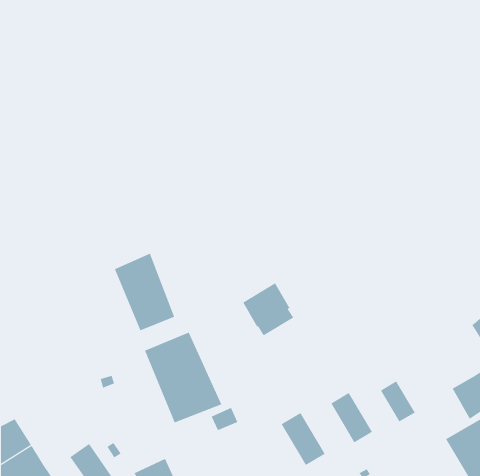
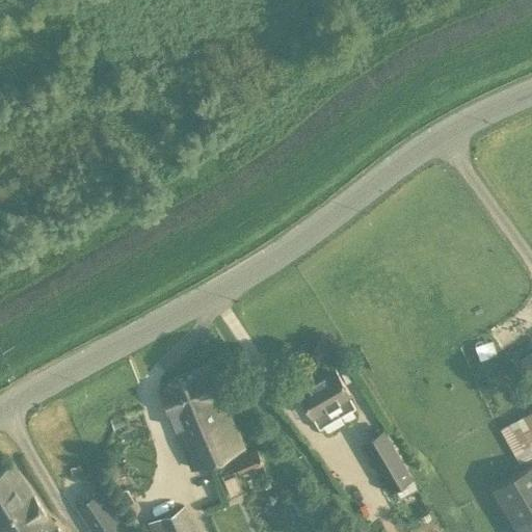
building: [114,253,175,331] -> none
building: [243,283,294,336] -> [298,371,355,430]
building: [380,381,415,422] -> none
building: [281,412,326,466] -> none

